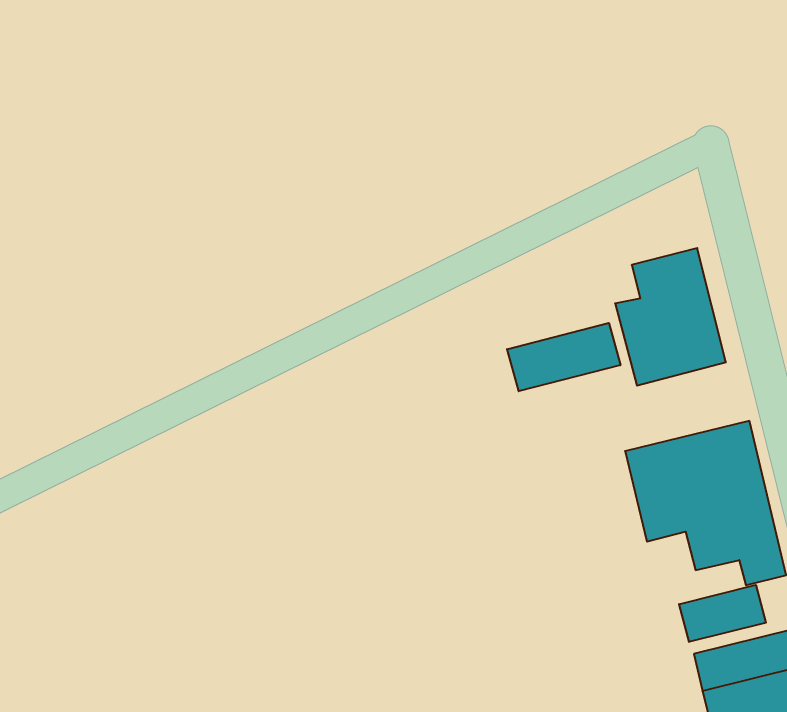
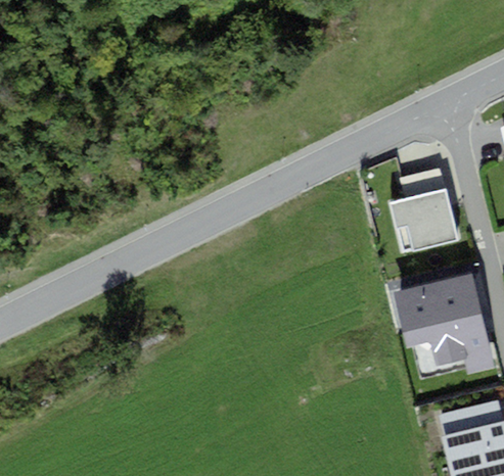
building: [507,323,620,391] -> none
building: [679,585,766,642] -> none

